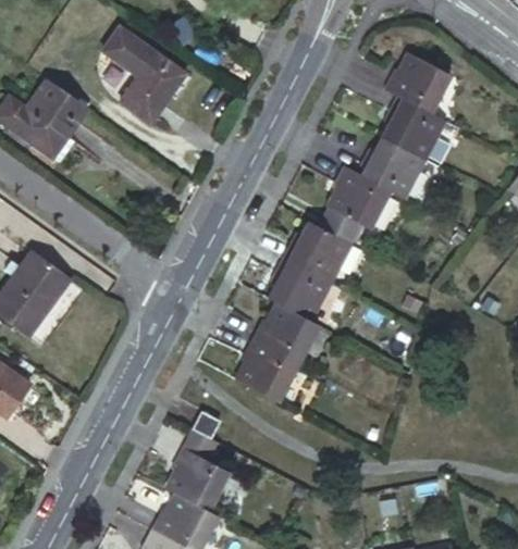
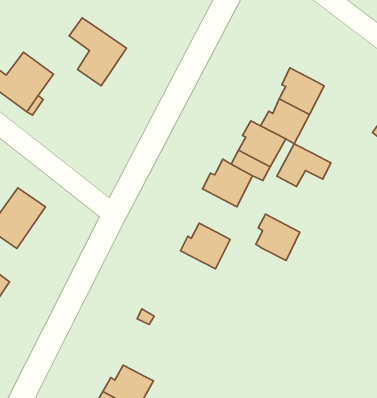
building: [388,57,453,115] -> none
building: none -> [277,144,331,187]
building: [270,258,329,320] -> [256,214,300,261]
building: [239,340,300,402] -> none
building: [166,447,229,509] -> none

